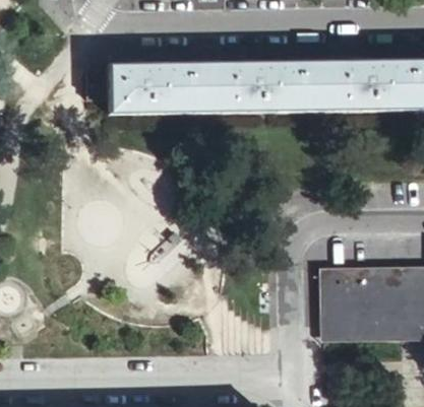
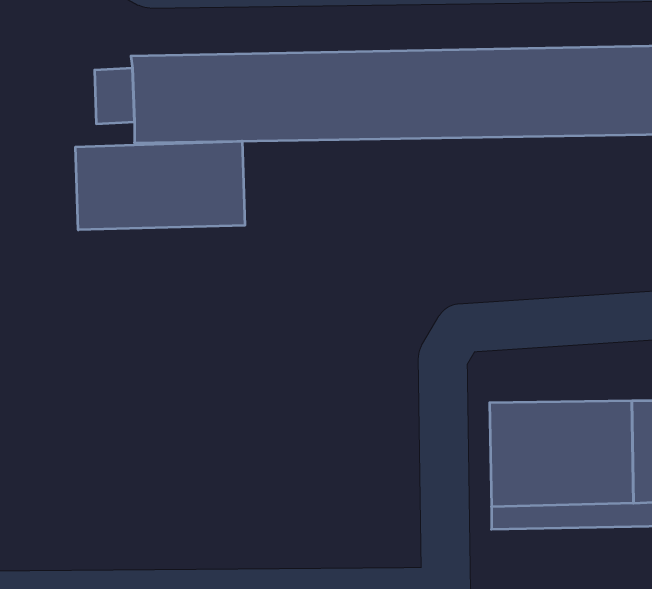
building: none -> [76,141,245,230]

